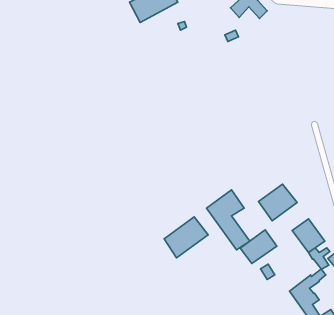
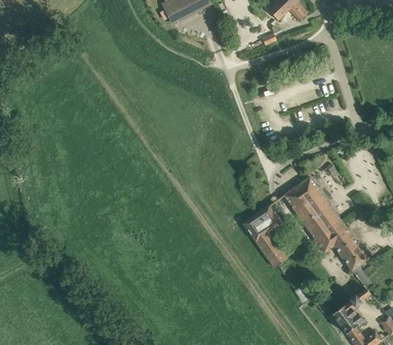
building: none -> [282,177,323,216]
building: [164,217,208,258] -> none
building: [240,230,277,263] -> [312,217,351,253]

